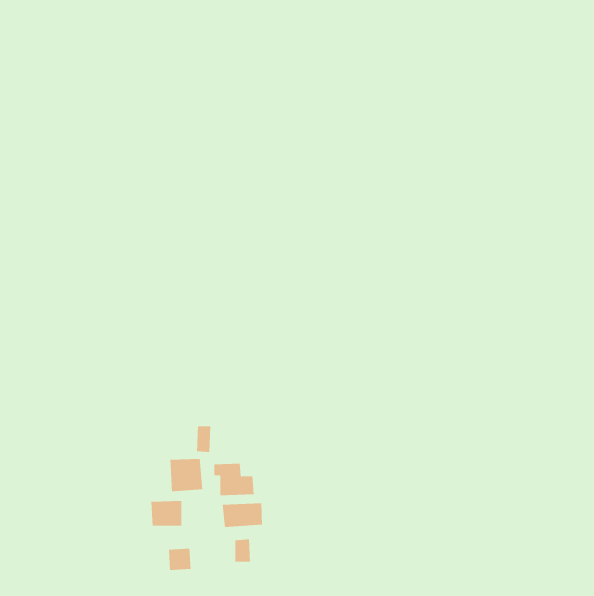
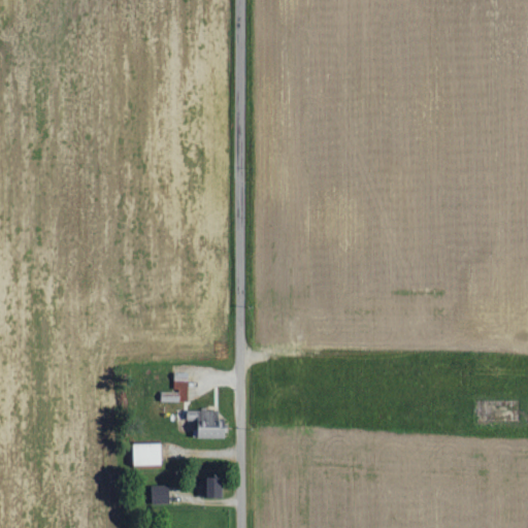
building: [170,458,203,492] -> none
building: [222,502,263,528] -> none

